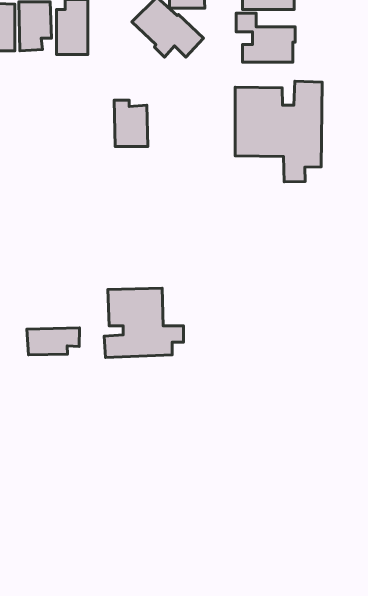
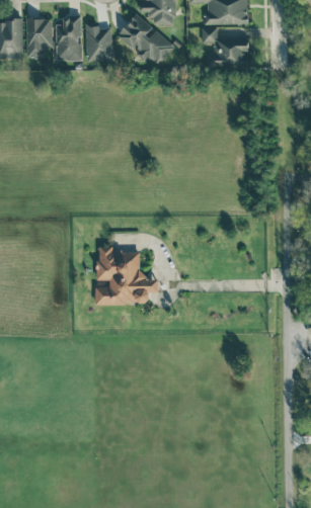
building: [235,81,322,182] -> none
building: [114,100,148,147] -> [85,22,112,60]
building: [27,328,80,355] -> none

